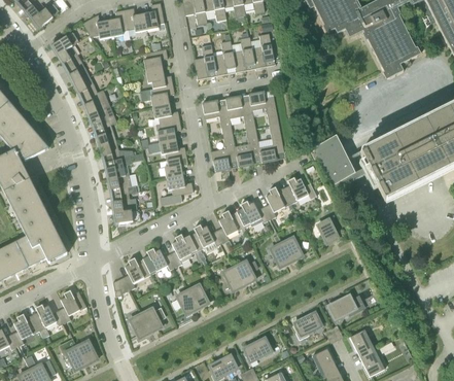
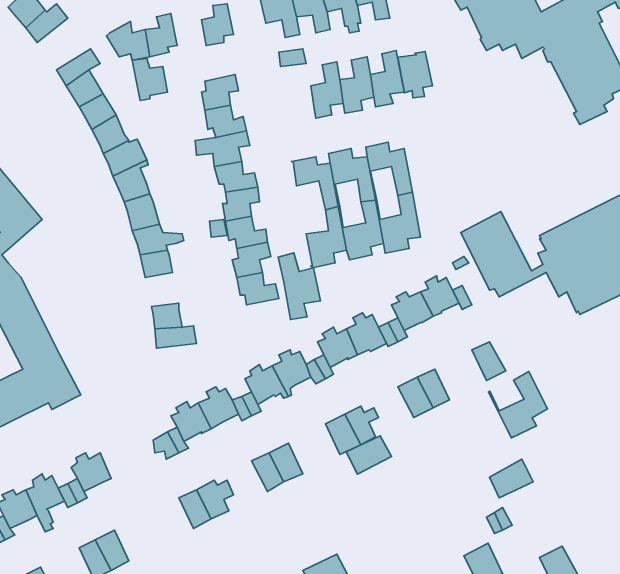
building: [125,8,147,35] -> [132,59,168,100]
building: none -> [398,51,433,98]
building: [194,44,216,80] -> none
building: none -> [278,253,320,320]
building: [108,175,137,197] -> none
building: none -> [488,372,547,438]
building: [293,312,322,337] -> none
building: [350,330,375,357] -> none
building: [243,338,272,362] -> [346,436,391,474]

